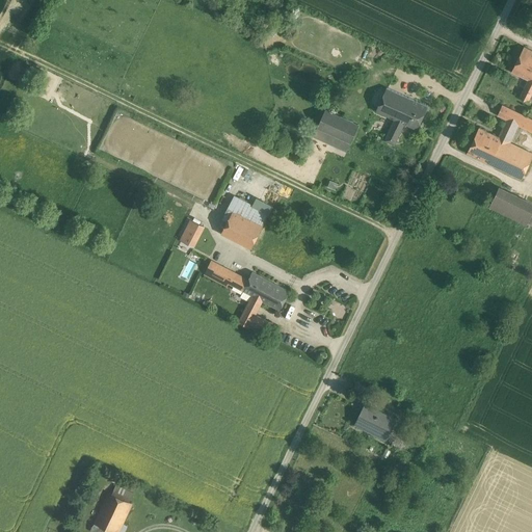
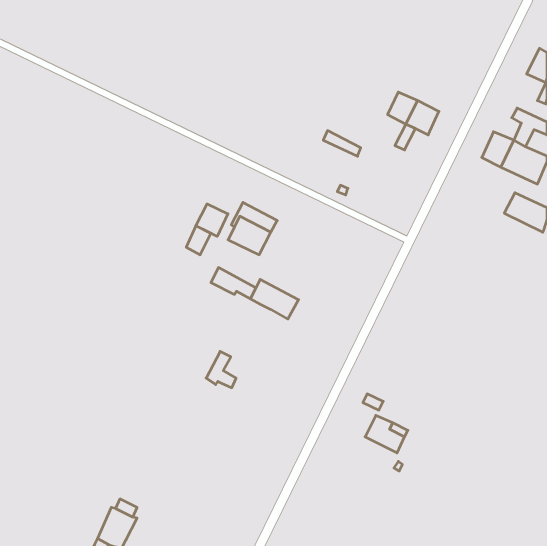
building: [318,110,358,144] -> none
building: none -> [196,204,228,236]
building: [239,296,268,331] -> [206,351,236,388]

